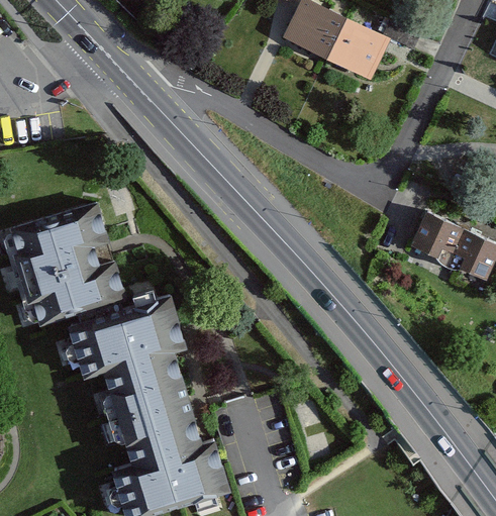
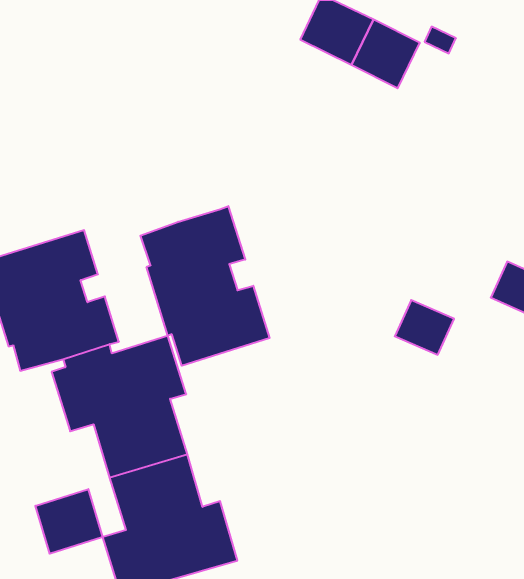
building: none -> [140,206,270,366]
building: [412,214,464,262] -> [395,300,454,355]
building: none -> [35,489,103,554]

